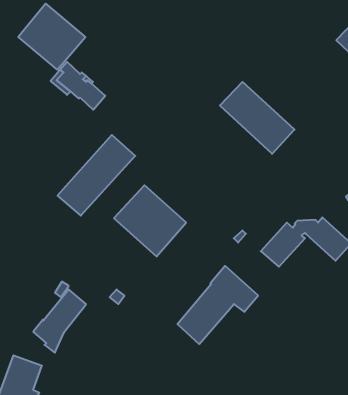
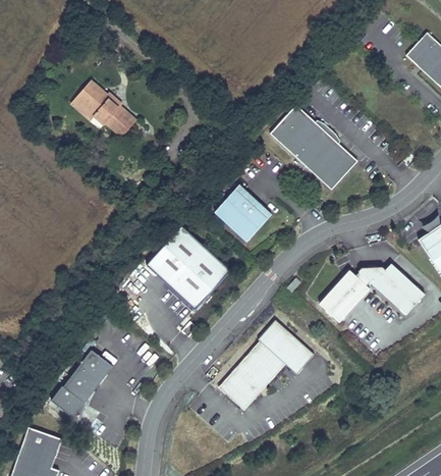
building: [18,4,85,70] -> none
building: [58,135,135,216] -> none
building: none -> [214,187,267,240]

